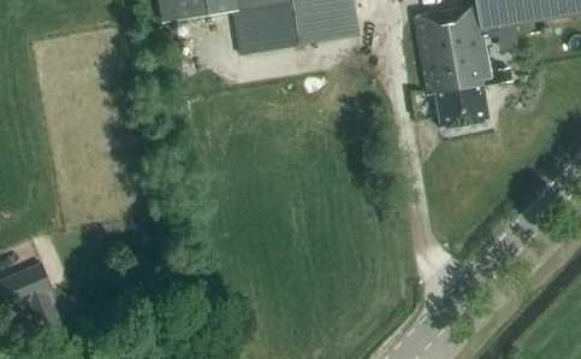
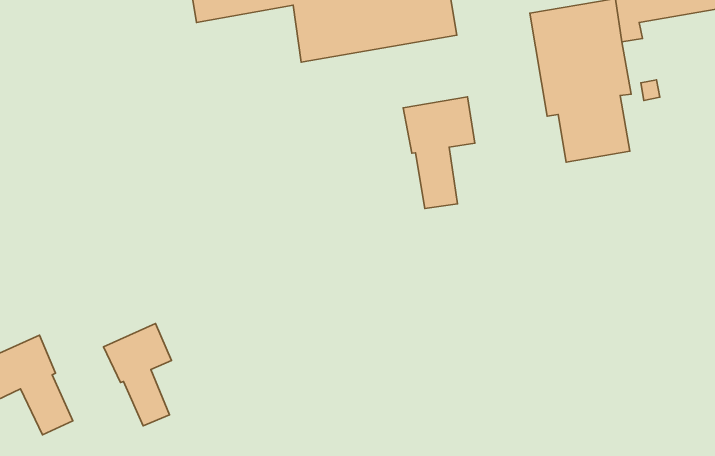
building: none -> [403,97,475,209]
building: none -> [103,324,172,426]

